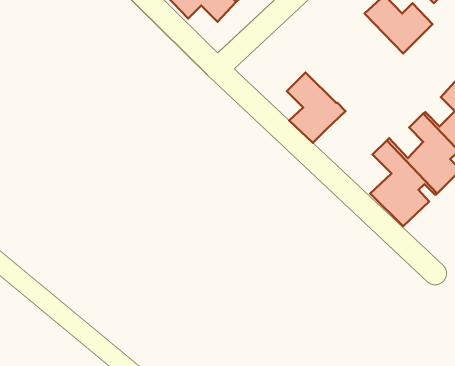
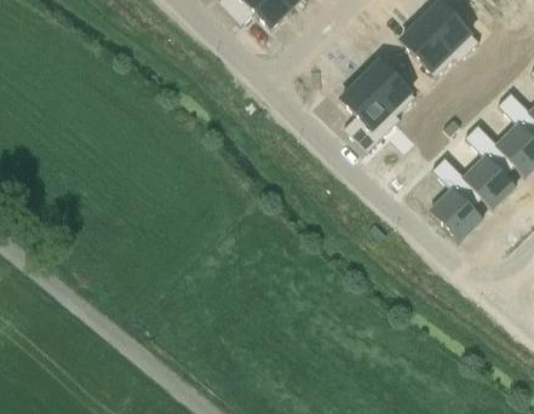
building: none -> [402,18,461,74]
building: none -> [361,58,413,110]

